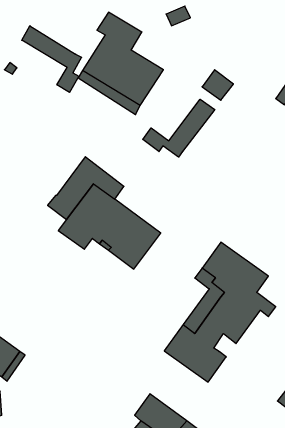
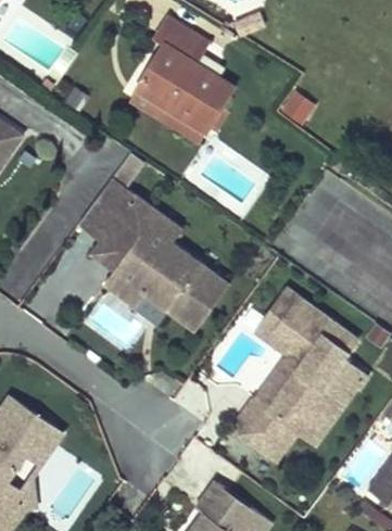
building: [22,26,82,92] -> none
building: [143,99,215,157] -> none
building: none -> [77,176,136,240]
building: none -> [291,379,357,442]

